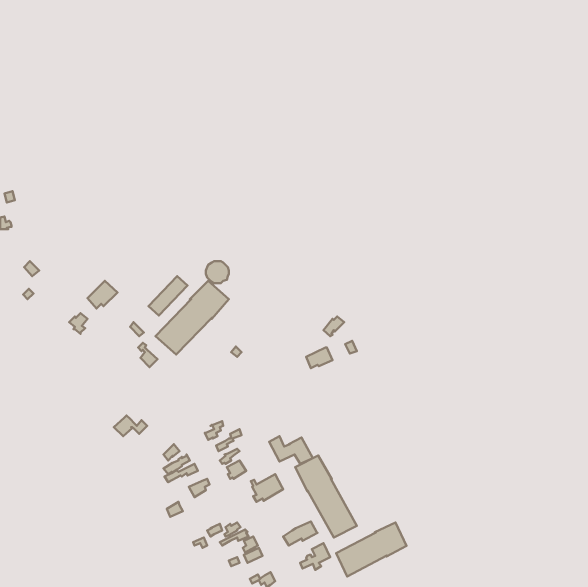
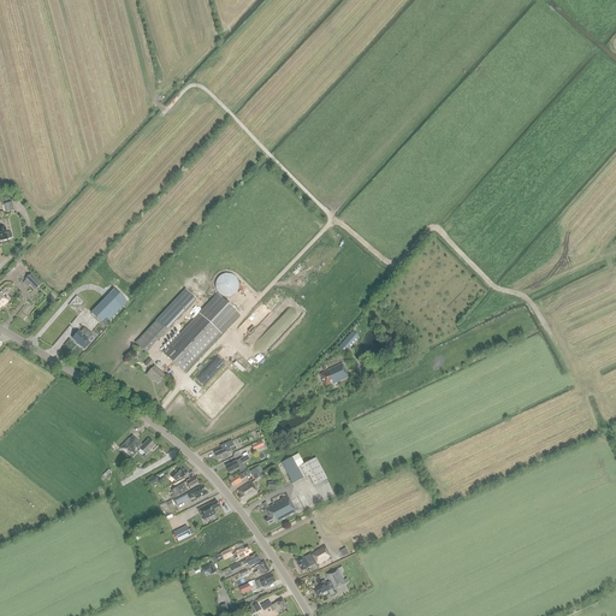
building: [295,455,357,537] -> none
building: [336,523,406,576] -> none

